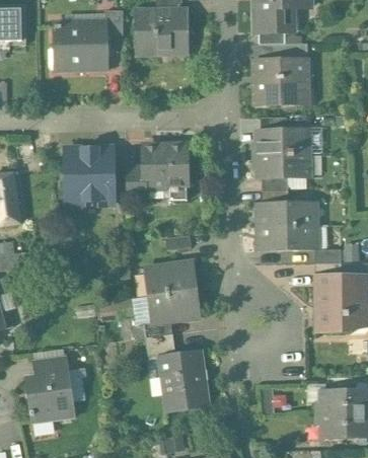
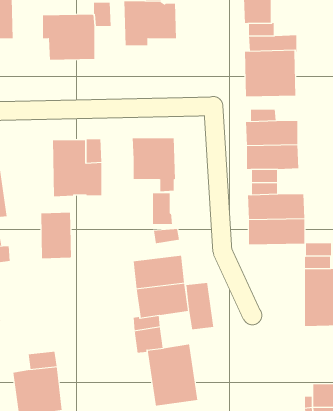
building: [126,166,146,198] -> [152,193,173,224]
building: none -> [41,212,71,259]
building: none -> [186,282,214,330]

